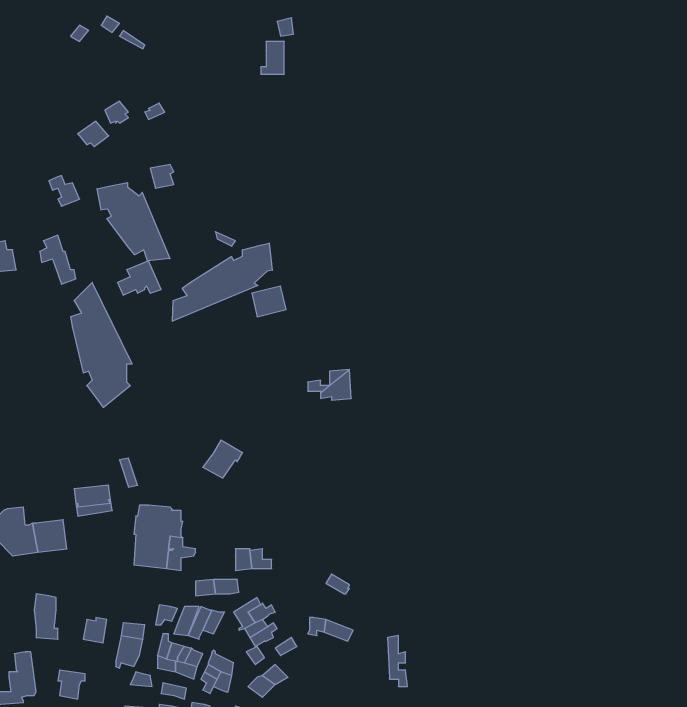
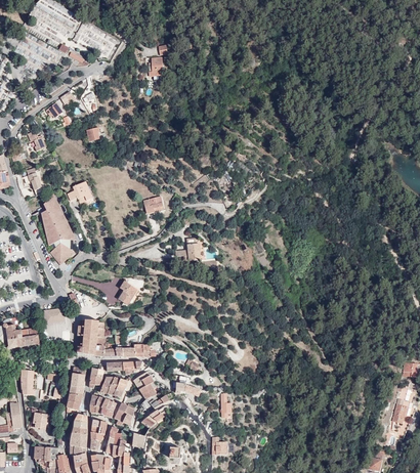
building: [97,183,170,261] -> none
building: [172,243,272,321] -> none

